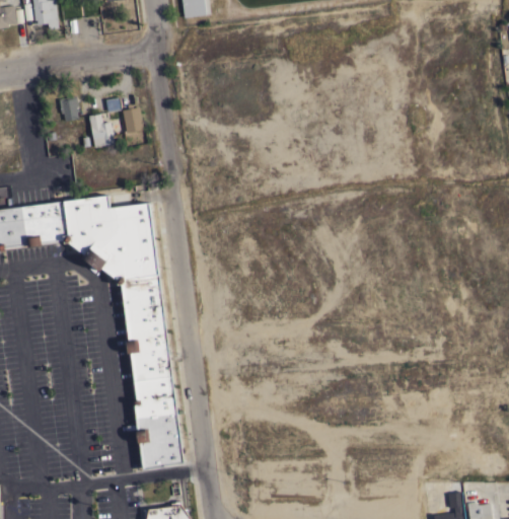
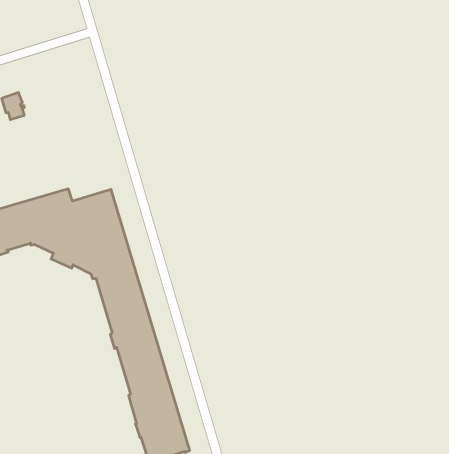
building: [122,106,144,133] -> none
building: [88,114,115,147] -> none

